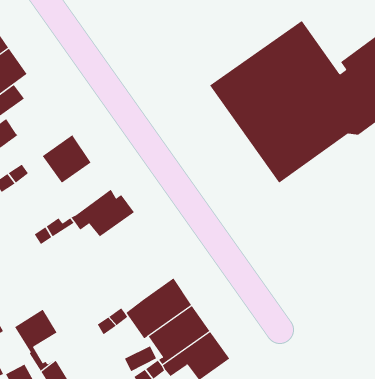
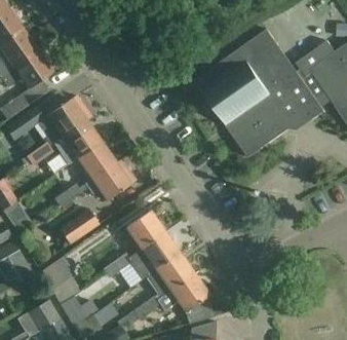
building: none -> [44,96,90,138]
building: none -> [74,141,117,182]
building: none -> [59,207,100,244]
building: none -> [126,210,166,249]

